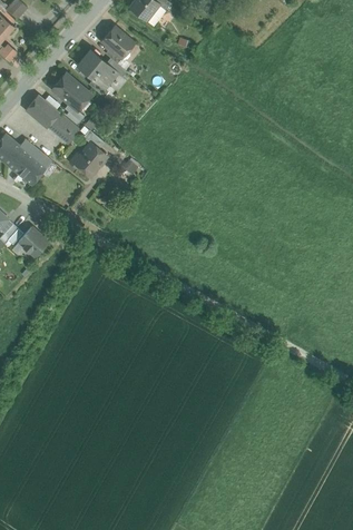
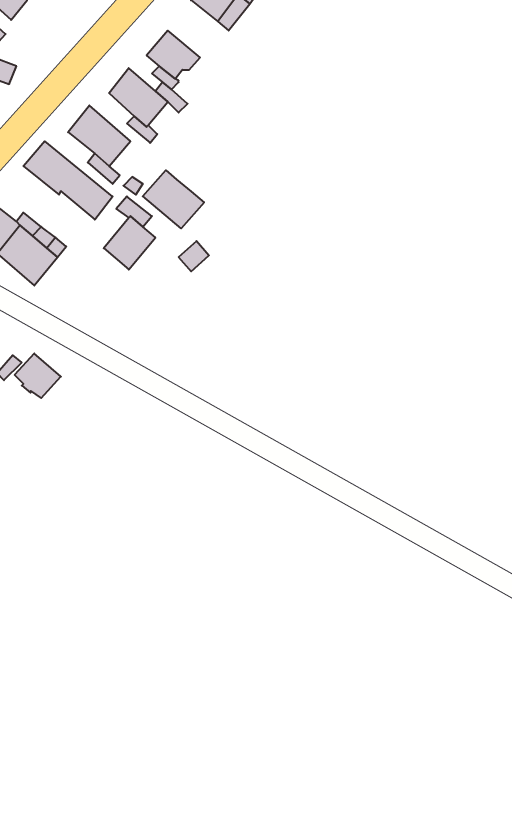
building: none -> [143,170,204,228]

